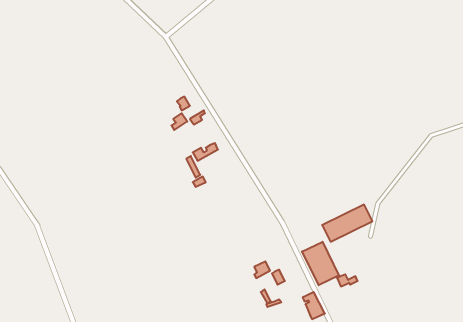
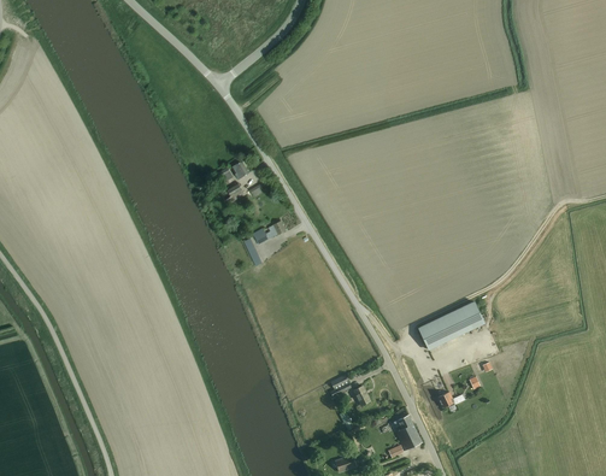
building: [302,242,339,285] -> none

